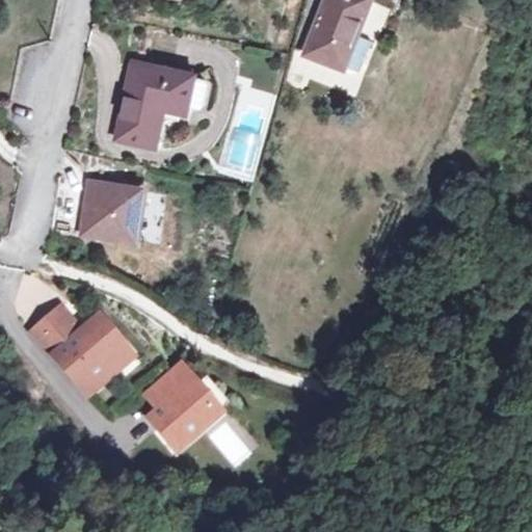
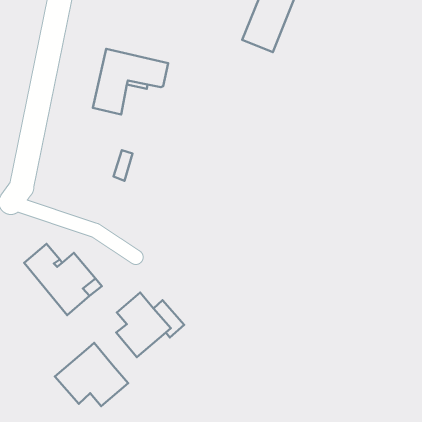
building: [81,181,139,239] -> none
building: none -> [55,343,128,406]

